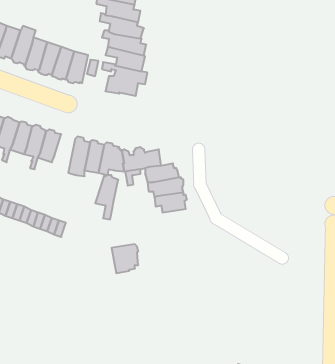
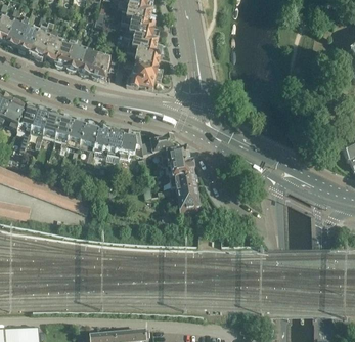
building: [95,175,118,219] -> [79,121,99,160]
building: [112,244,138,273] -> [176,186,199,212]

